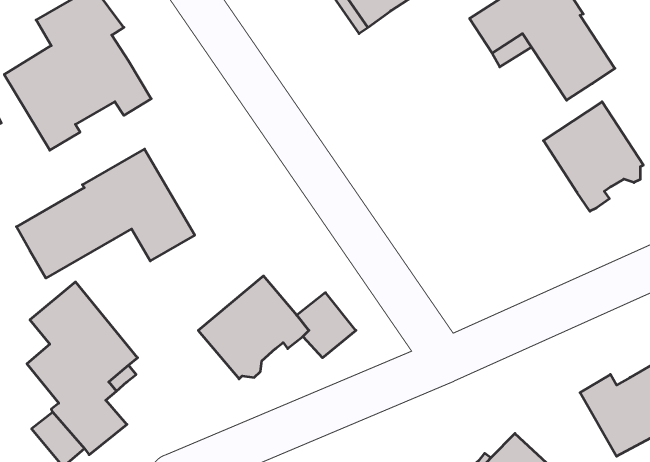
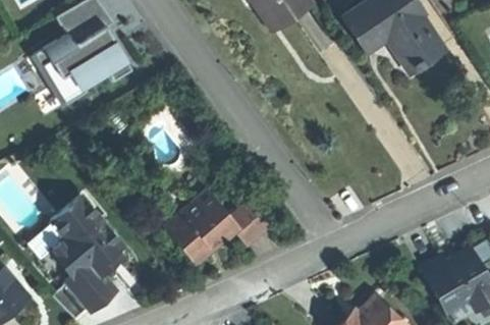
building: [543,102,643,211] -> none
building: [16,149,195,278] -> none

